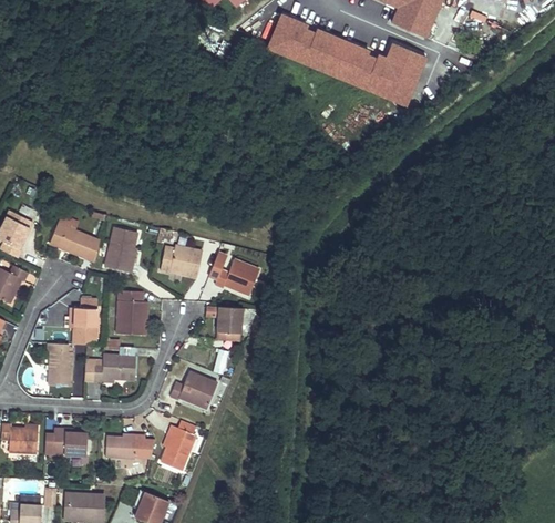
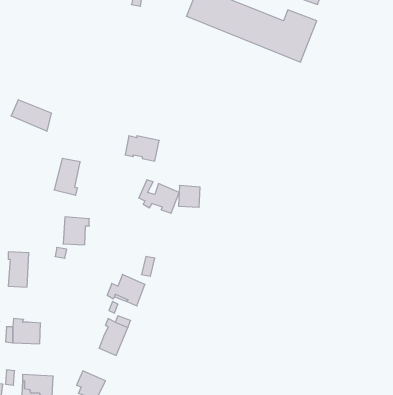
building: [49,223,99,262] -> [11,100,52,131]
building: [160,246,202,277] -> [125,136,159,161]
building: [70,299,97,345] -> none
building: [216,306,243,332] -> [179,185,200,207]
building: [93,355,135,380] -> none
building: [105,434,144,458] -> none

